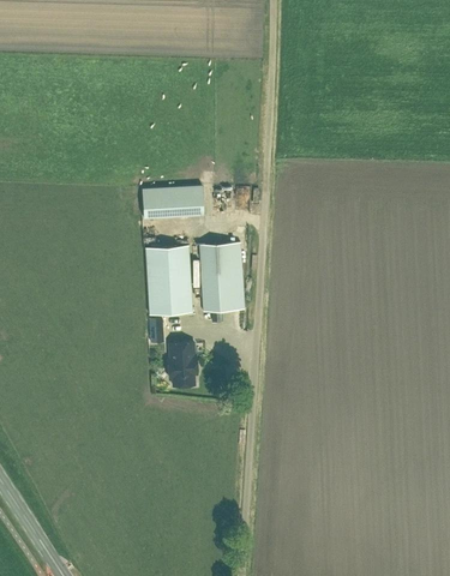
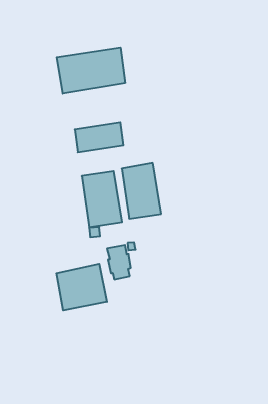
building: none -> [57,48,125,94]
building: none -> [56,264,107,310]

